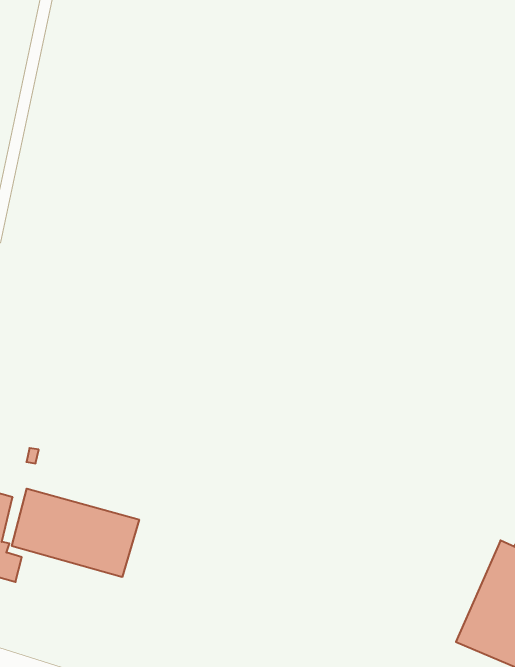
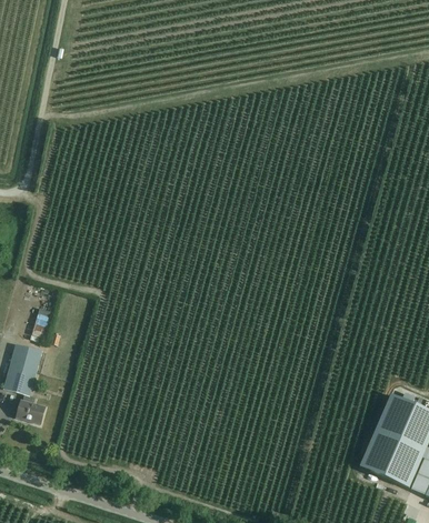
building: [12,489,139,577] -> none

